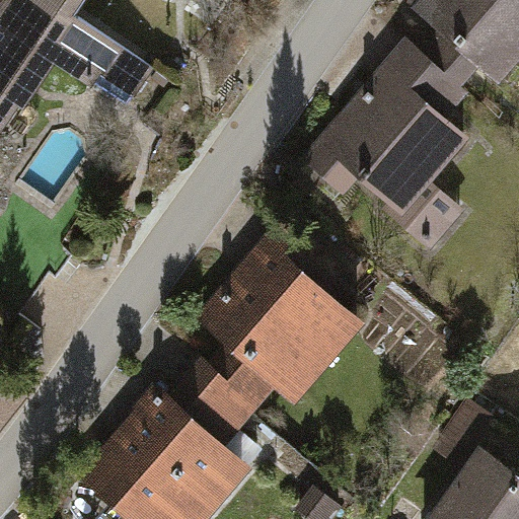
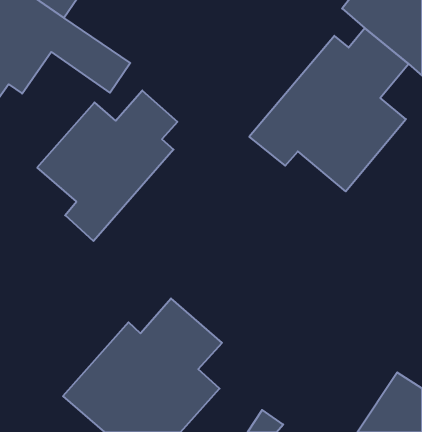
building: none -> [37,90,177,241]
building: [193,227,377,410] -> none

